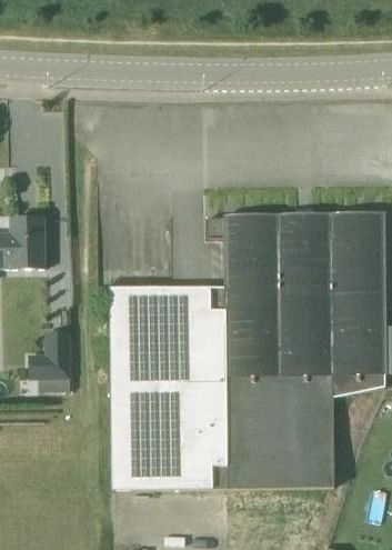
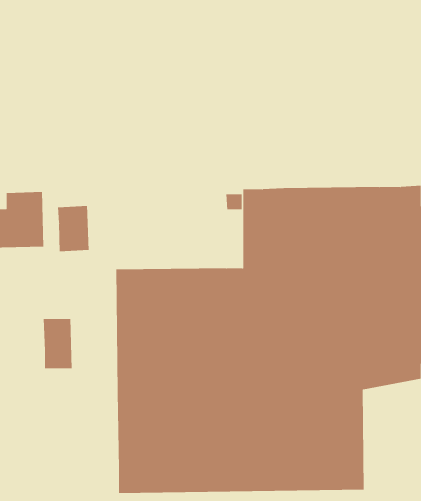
building: none -> [58,205,89,252]

